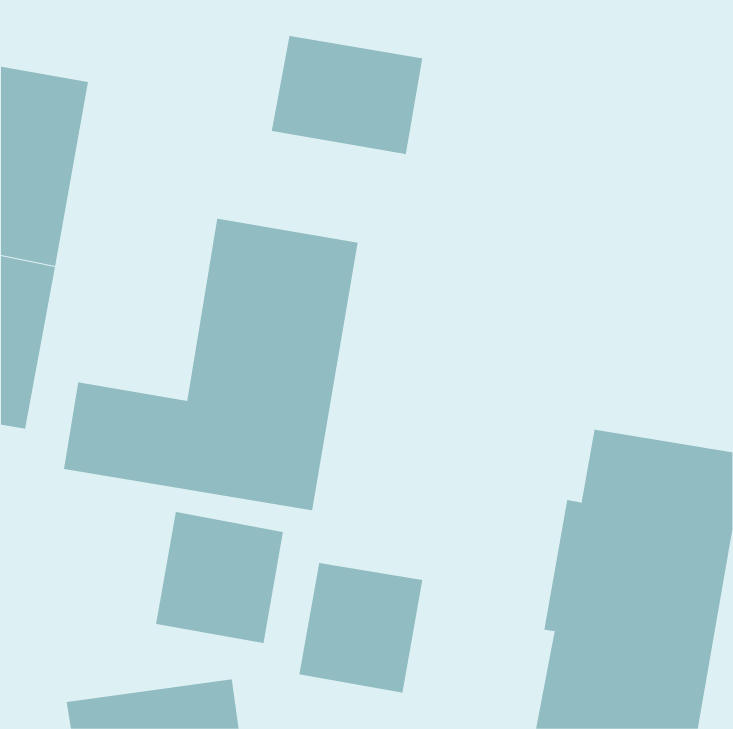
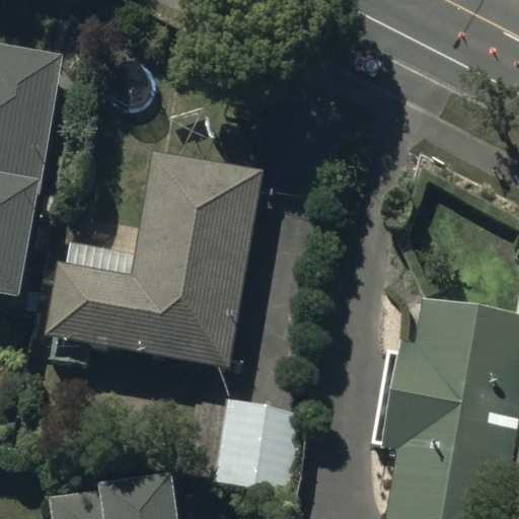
building: [271,35,423,155] -> none
building: [156,511,283,644] -> none

